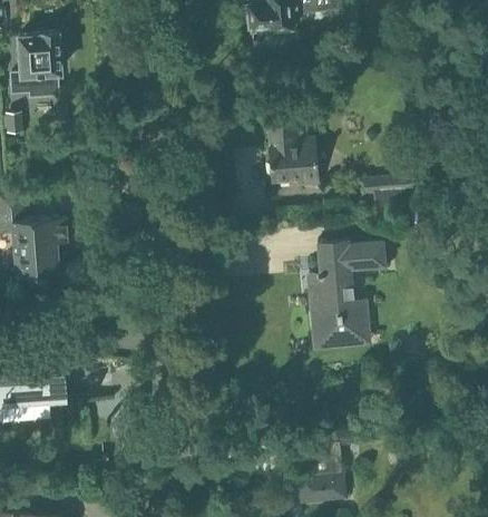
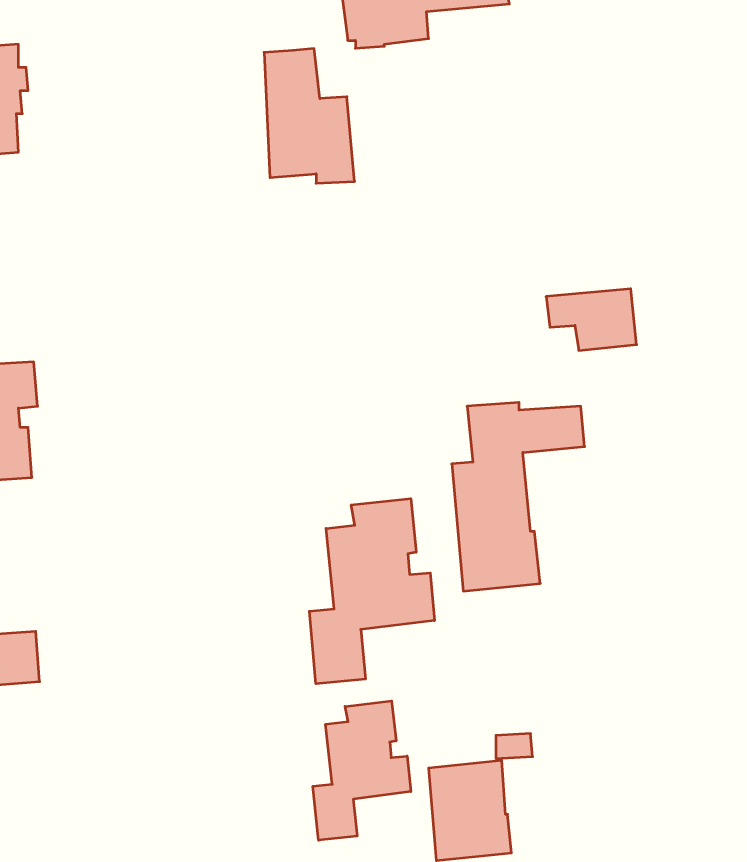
building: [267,109,320,187] -> [264,49,355,183]
building: none -> [309,499,434,684]
building: none -> [313,701,411,840]

